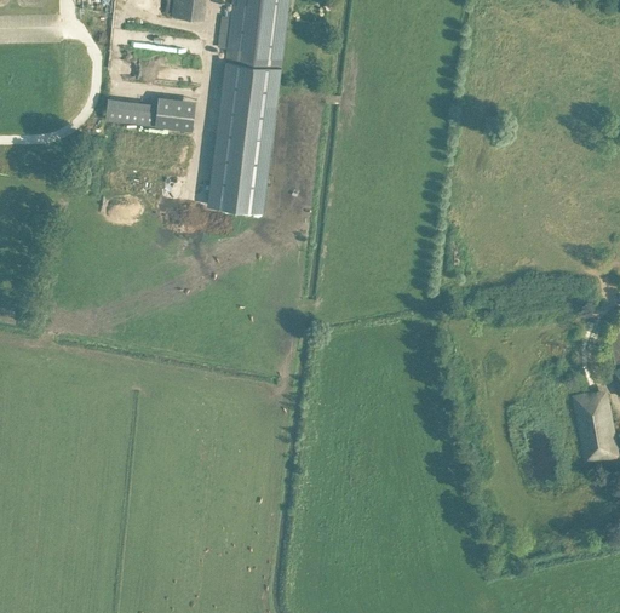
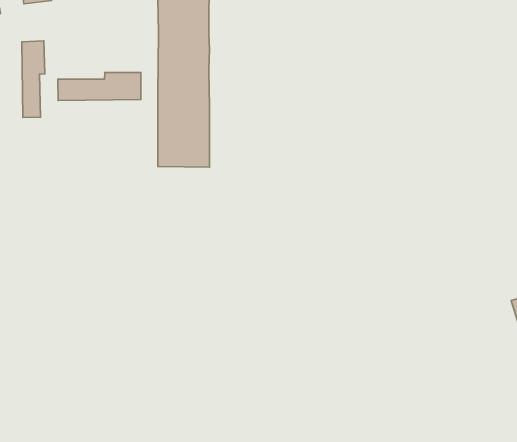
building: none -> [22,41,45,117]

